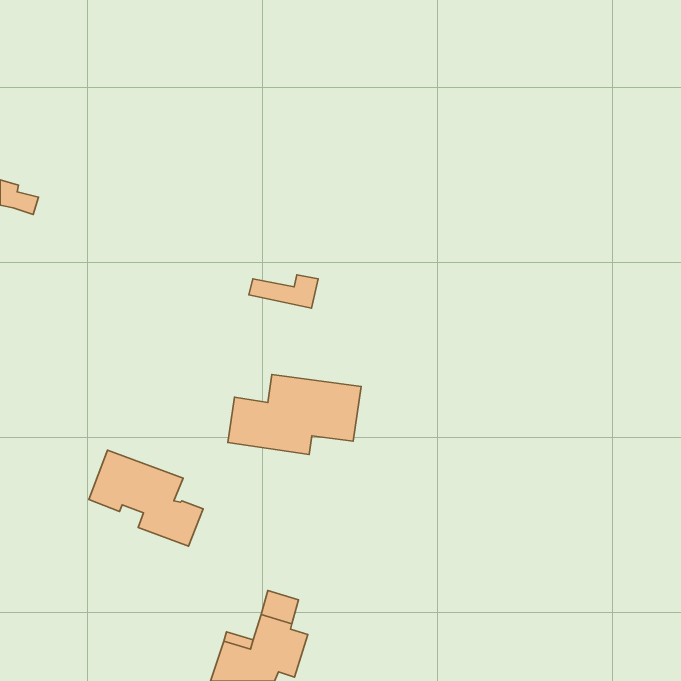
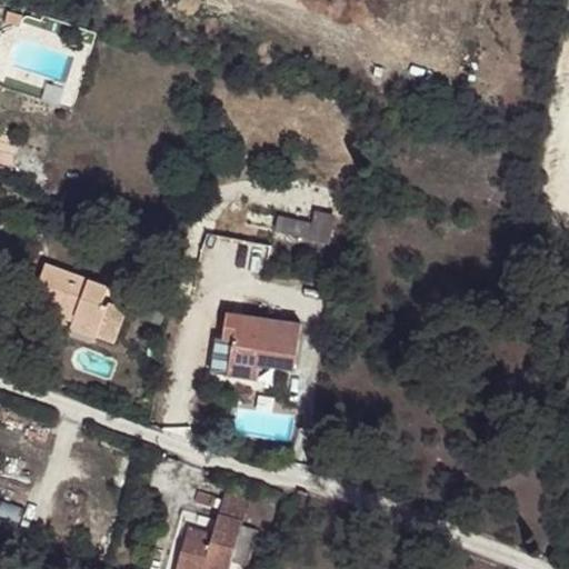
building: [249,275,318,308] -> [277,213,335,241]
building: [89,450,203,546] -> [30,262,126,342]

